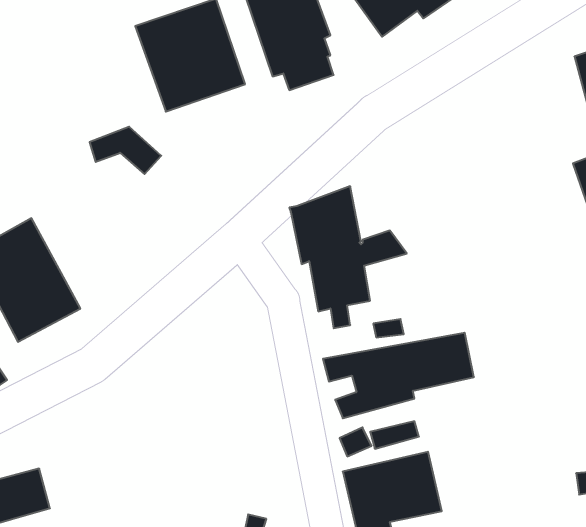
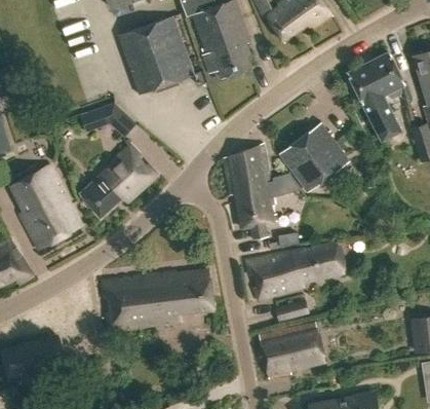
building: none -> [348,53,404,141]
building: none -> [279,123,348,191]
building: none -> [79,146,156,218]
building: none -> [102,270,213,331]

